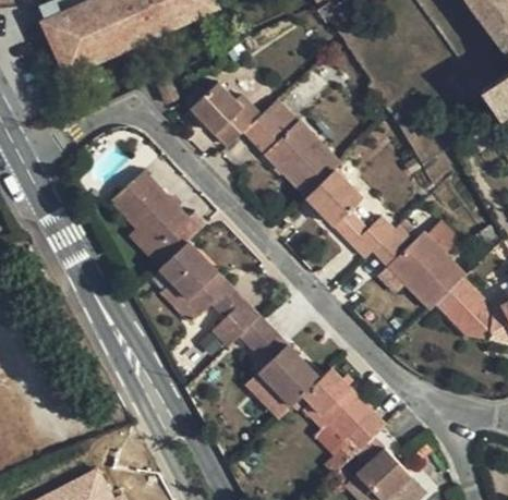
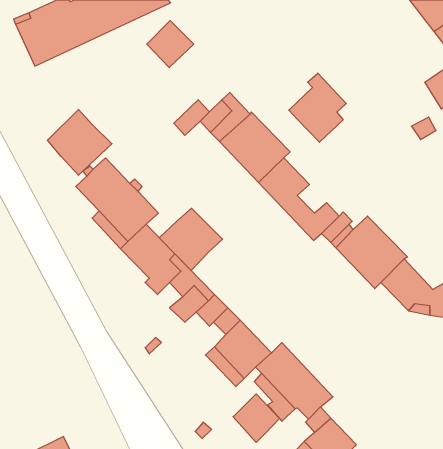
building: none -> [289,73,346,142]
building: [192,83,242,133] -> [147,21,194,68]
building: none -> [47,110,112,175]
building: none -> [159,208,223,271]
building: none -> [233,394,280,442]

